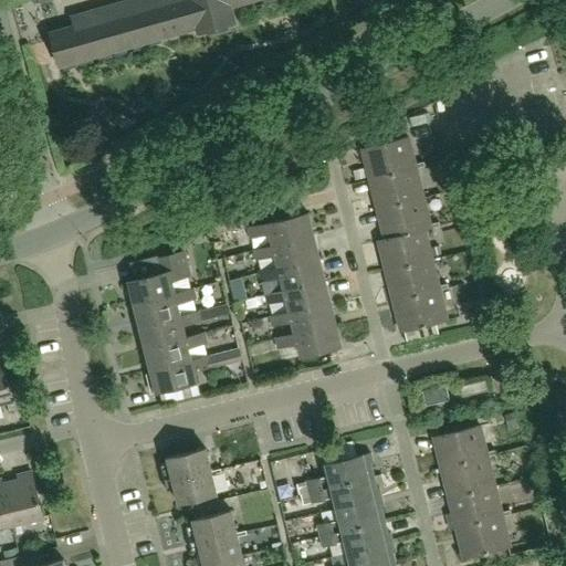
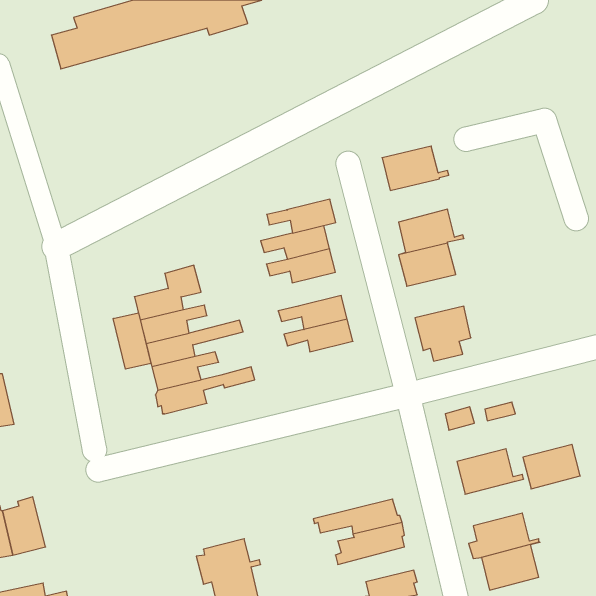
building: [369,170,423,211] -> none
building: [258,259,323,291] -> [267,199,336,233]
building: [385,261,447,302] -> none
building: none -> [113,313,151,369]
building: [274,324,339,357] -> none
building: [295,449,371,492] -> none
building: [160,450,221,504] -> none
building: [440,457,494,499] -> [523,444,580,489]
building: [319,518,391,552] -> none

